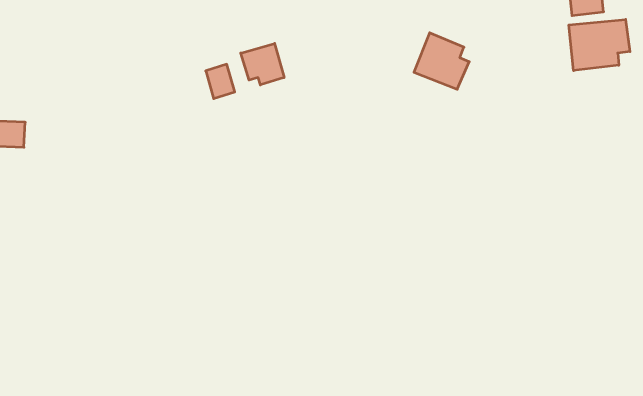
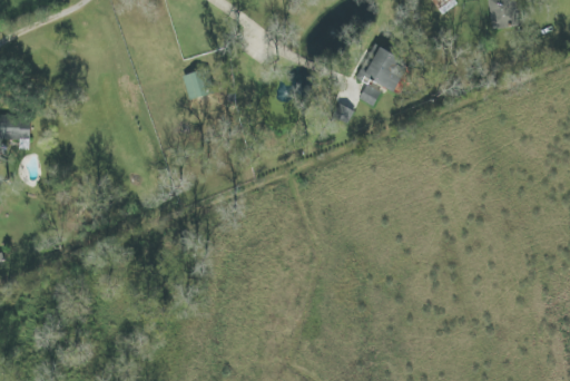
building: [569,19,630,71] -> none
building: [241,43,284,85] -> none

